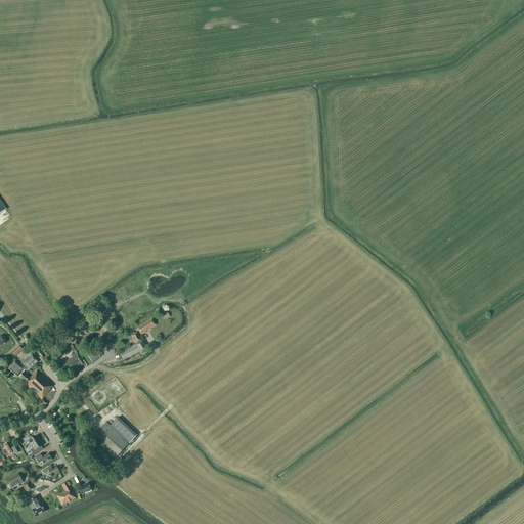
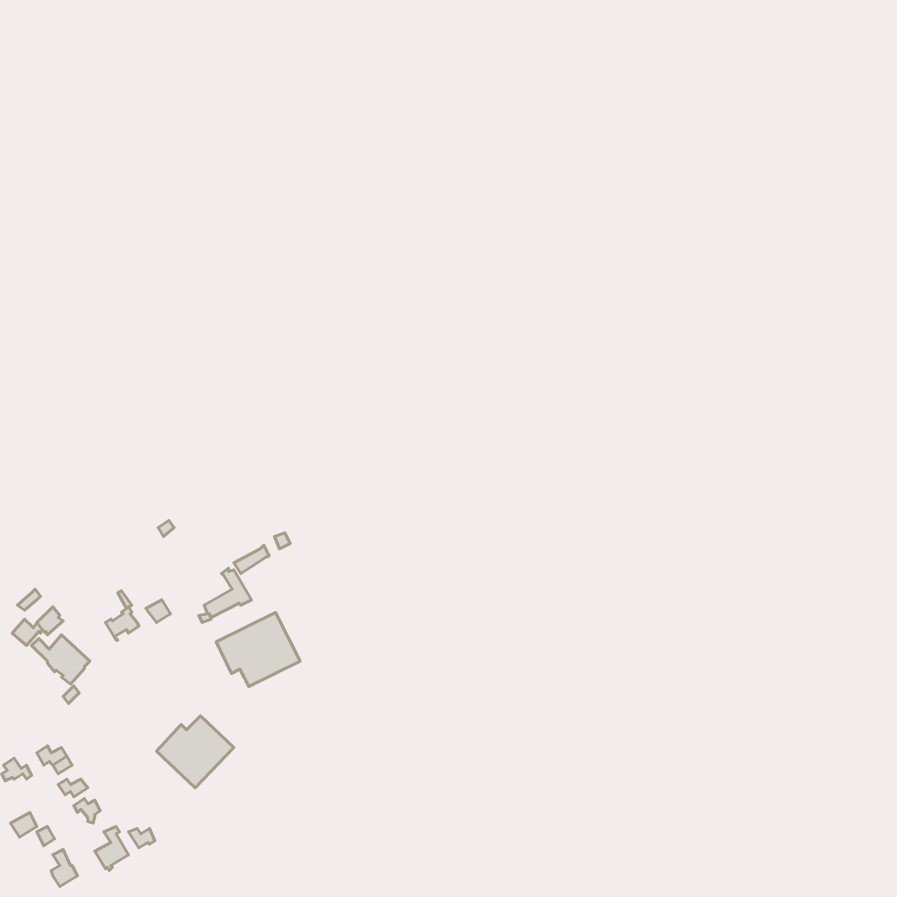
building: none -> [216,612,300,686]

